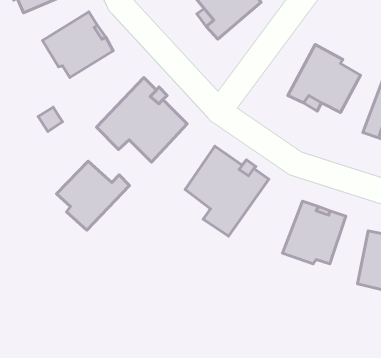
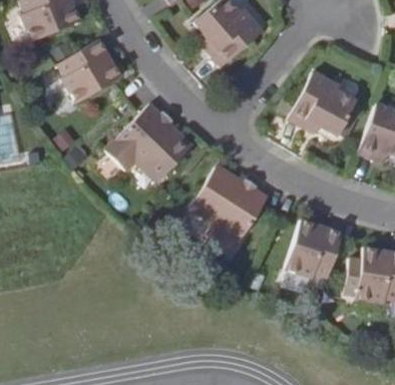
building: [57,161,129,230] -> none

